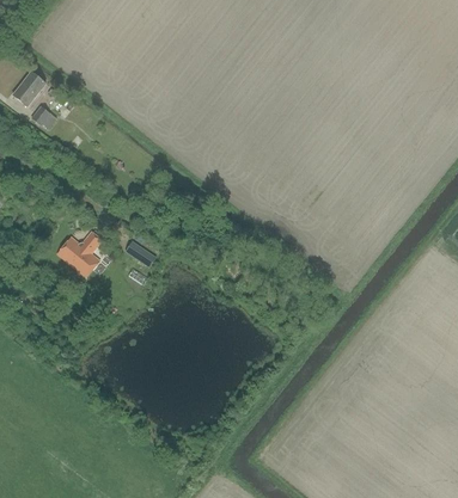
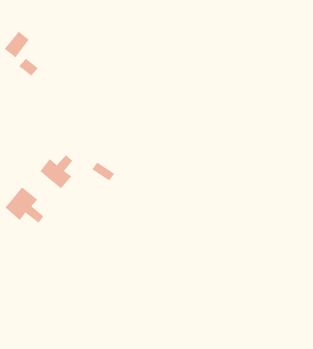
building: none -> [5,187,44,224]

